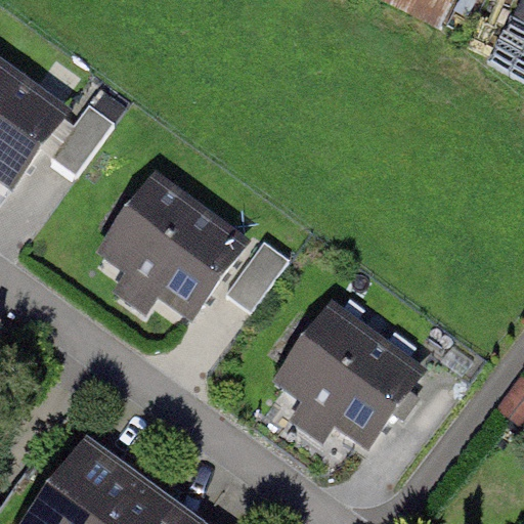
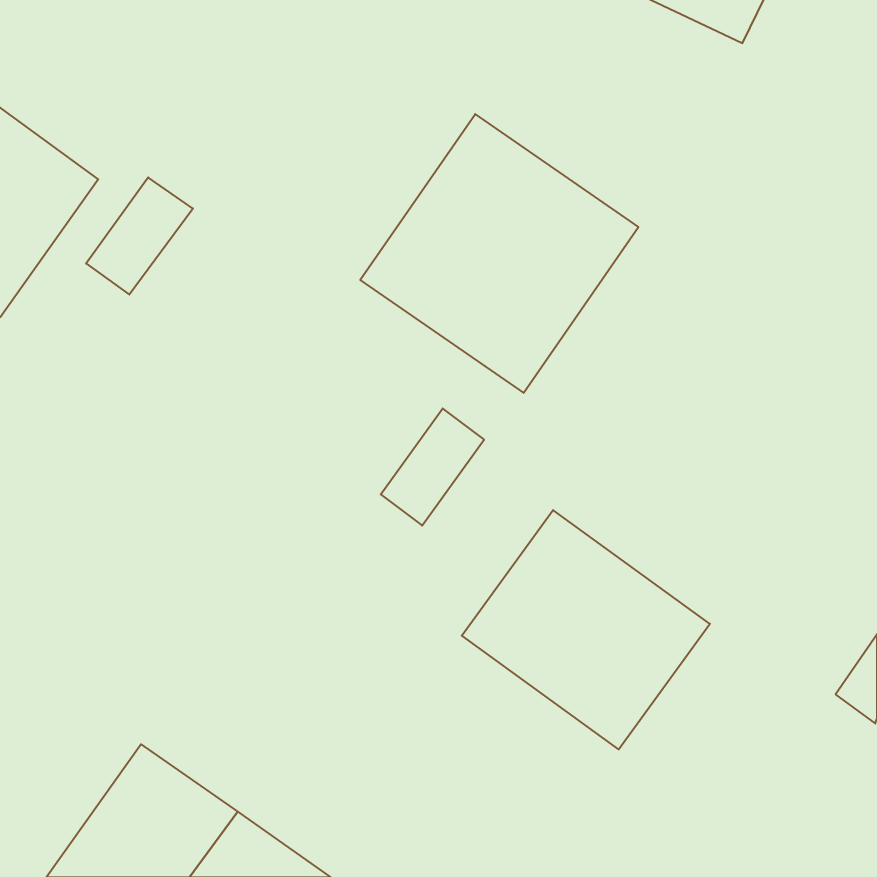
building: none -> [360,114,638,393]
building: [99,176,245,317] -> none

